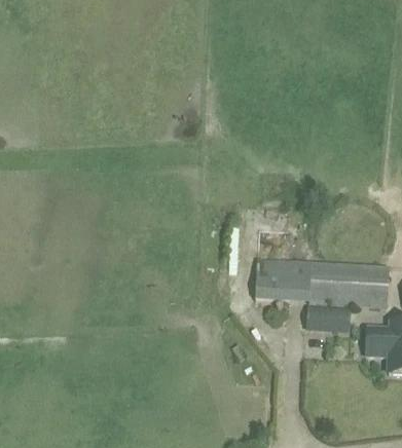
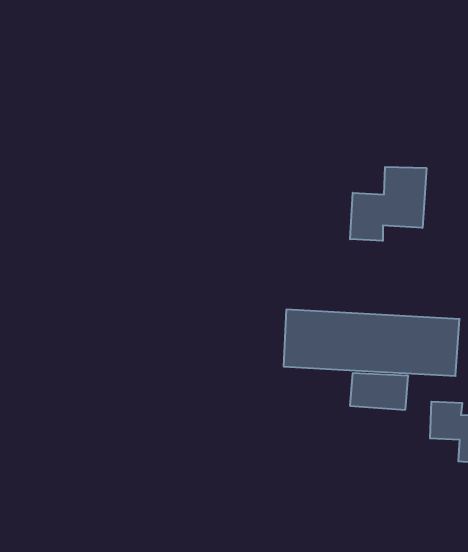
building: none -> [350,167,426,241]

